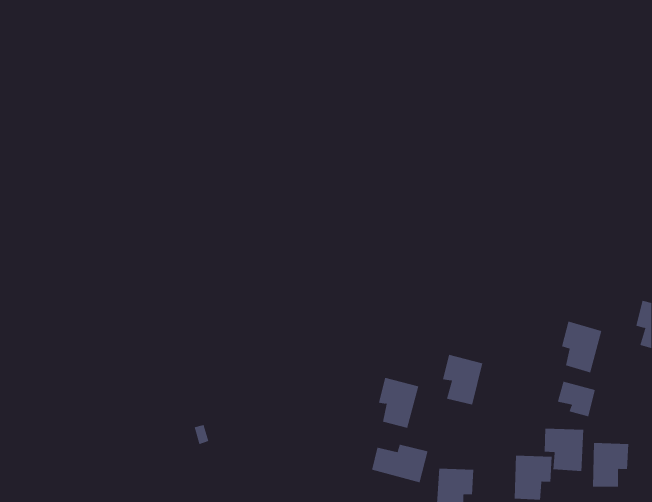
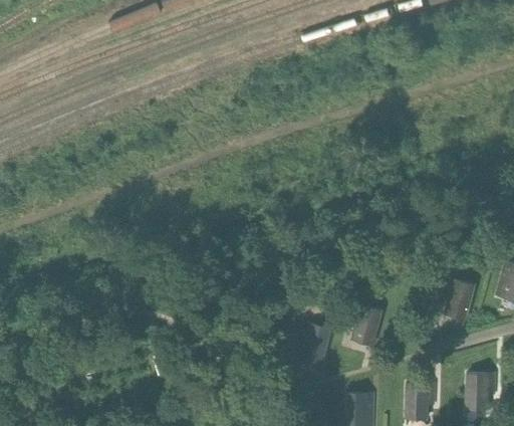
building: [557,381,596,417] -> none
building: [544,428,584,472] -> none
building: [372,444,428,483] -> none

